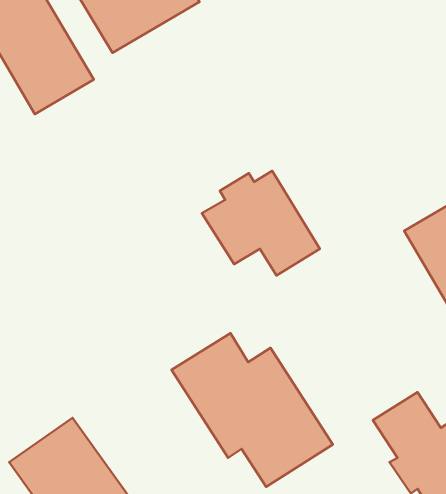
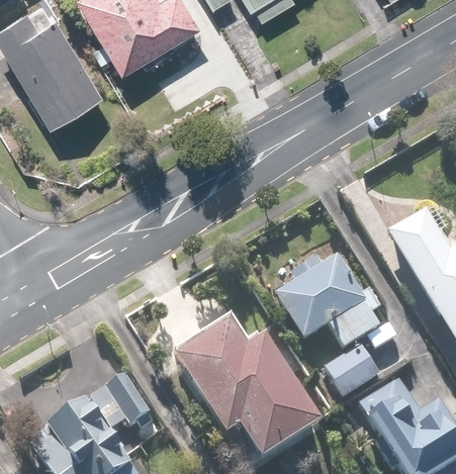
building: [202,171,320,275] -> [275,253,382,348]
building: none -> [326,343,380,394]
building: none -> [91,371,151,426]

